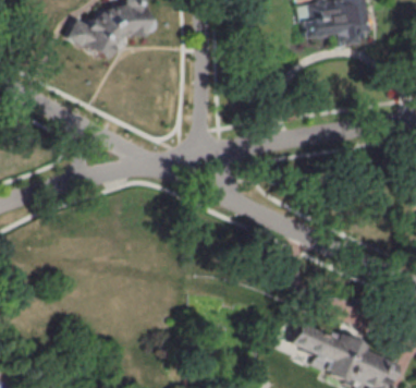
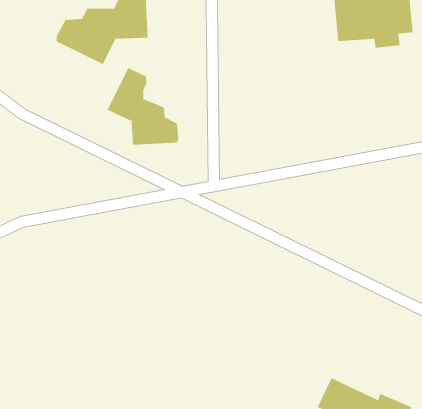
building: none -> [107,67,179,146]

